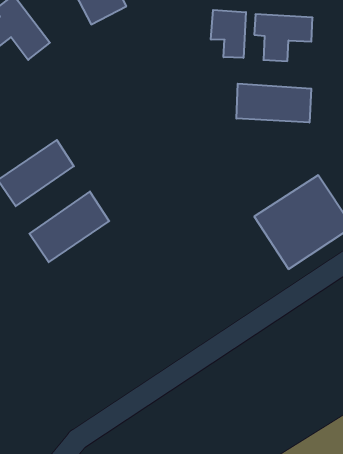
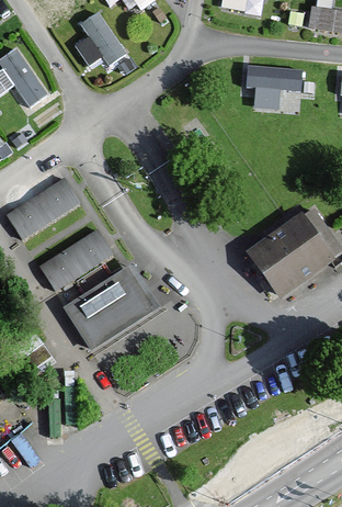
building: [211,10,246,58] -> none
building: [236,84,311,123] -> none
building: none -> [58,277,146,358]

